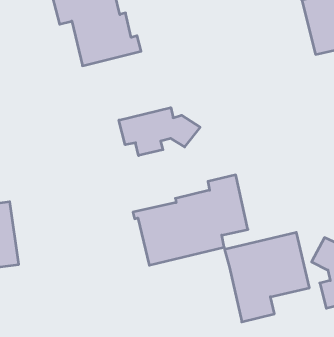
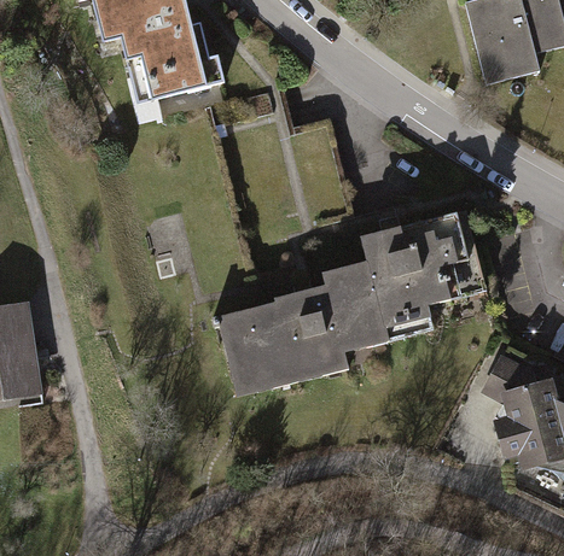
building: [119,108,200,156] -> none
building: [225,232,309,322] -> [357,210,483,343]

